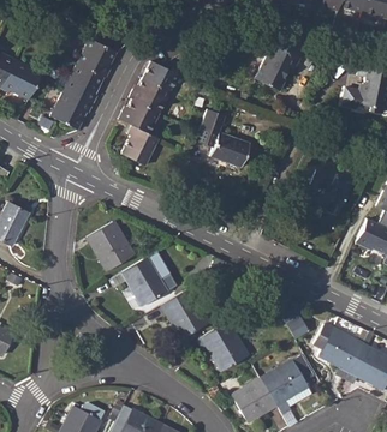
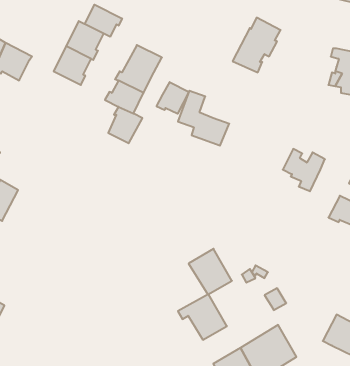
building: none -> [85,5,122,37]
building: [52,88,94,127] -> none
building: none -> [157,82,189,114]
building: [87,221,133,270] -> none
building: [123,252,175,306] -> none
building: [162,289,208,337] -> [189,249,232,294]
building: [314,324,363,371] -> none

